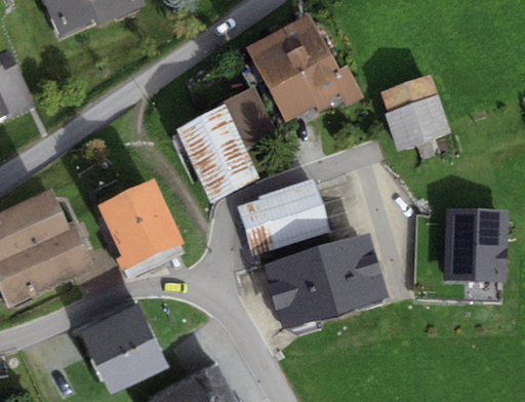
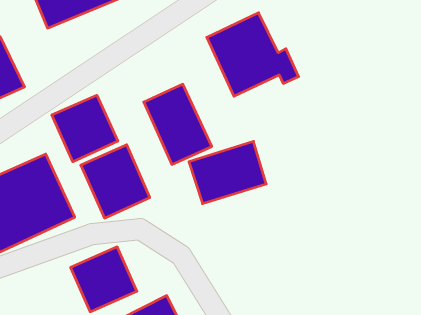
building: [381,80,448,149] -> none
building: [229,88,276,146] -> none
building: none -> [52,95,118,162]
building: [439,205,501,279] -> none
building: [257,233,383,328] -> none

